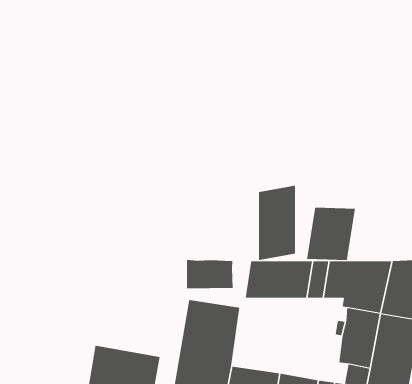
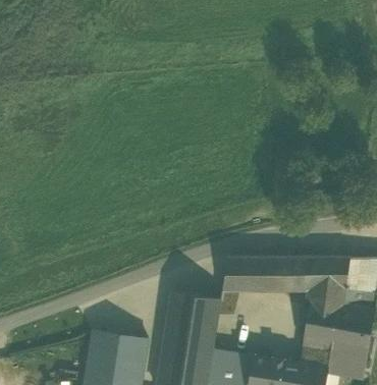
building: [259,185,296,261] -> none
building: [307,207,355,261] -> none
building: [186,259,233,289] -> none

